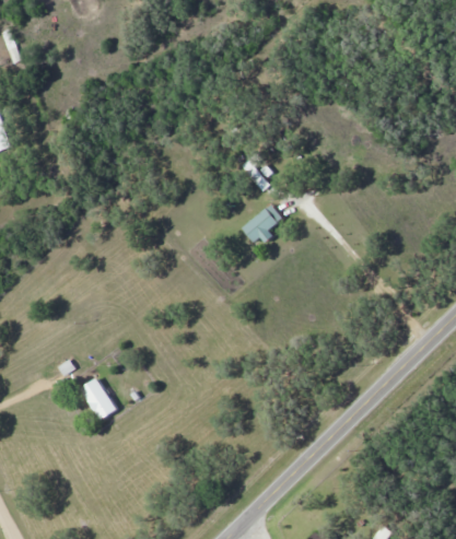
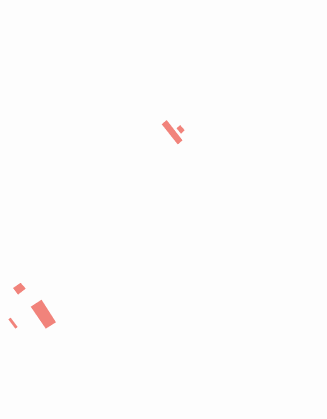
building: [244,208,280,243] -> none

